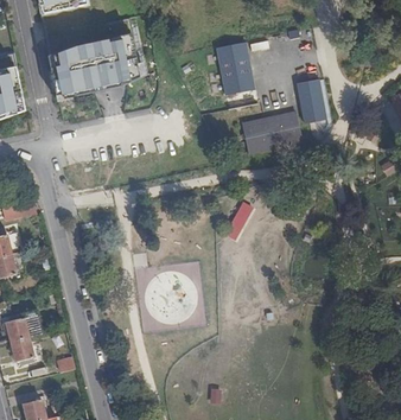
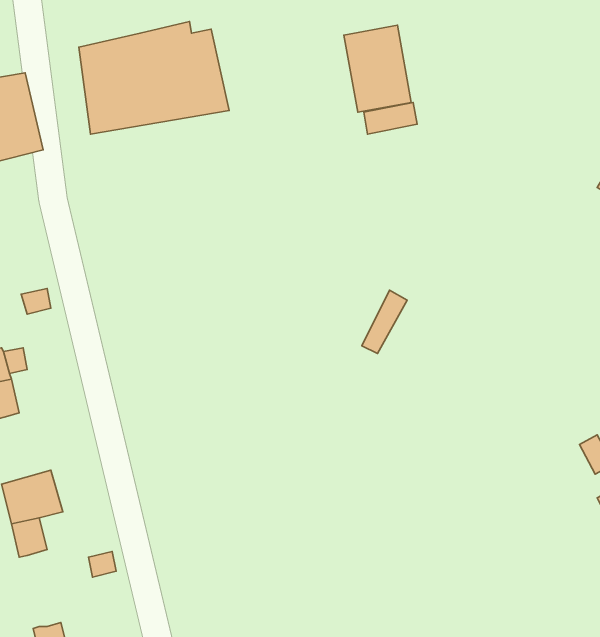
building: [292,77,324,120] -> none
building: [237,110,298,152] -> none

